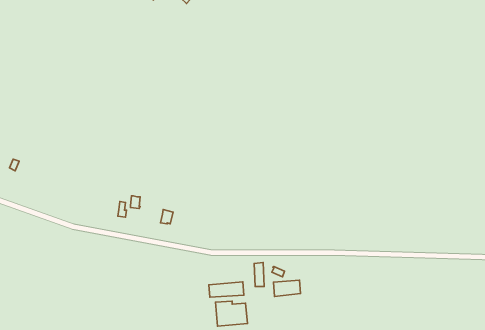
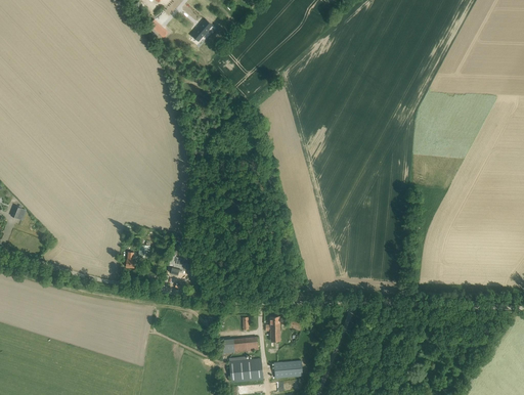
building: [273,280,301,296] -> [274,361,303,379]

